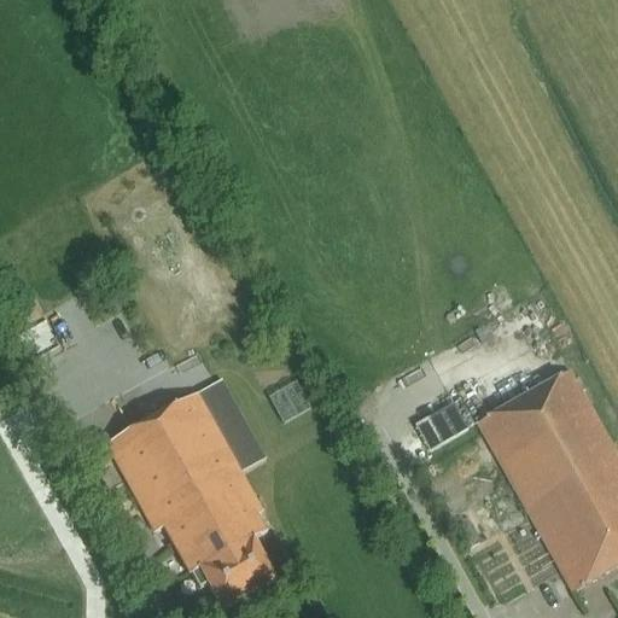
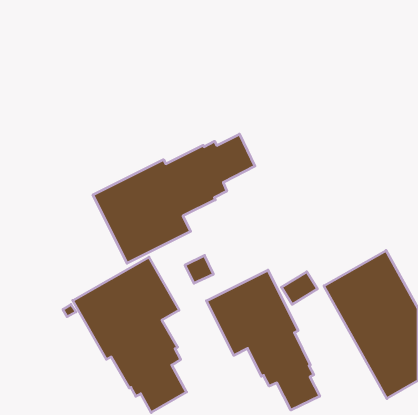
building: none -> [93,134,255,263]
building: none -> [206,270,320,410]

